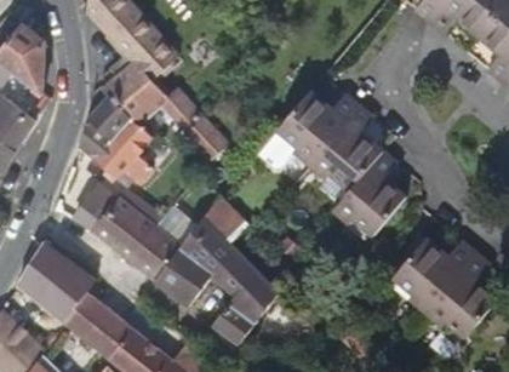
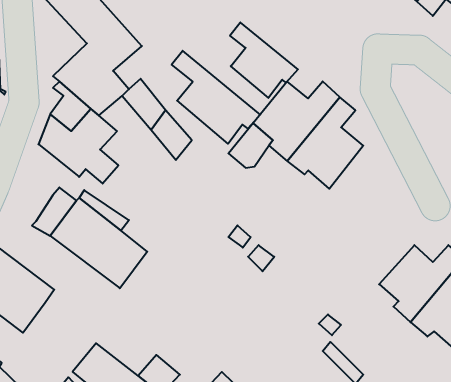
building: none -> [230,22,298,98]
building: none -> [172,51,260,144]
building: [332,148,404,235] -> none
building: [153,200,284,353] -> none
building: [65,293,133,357] -> none

